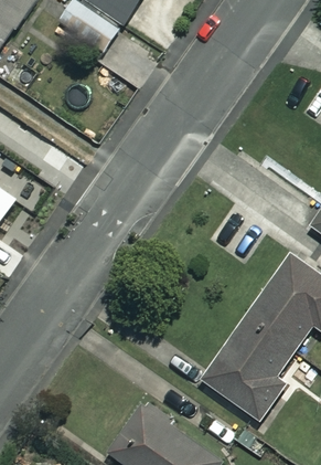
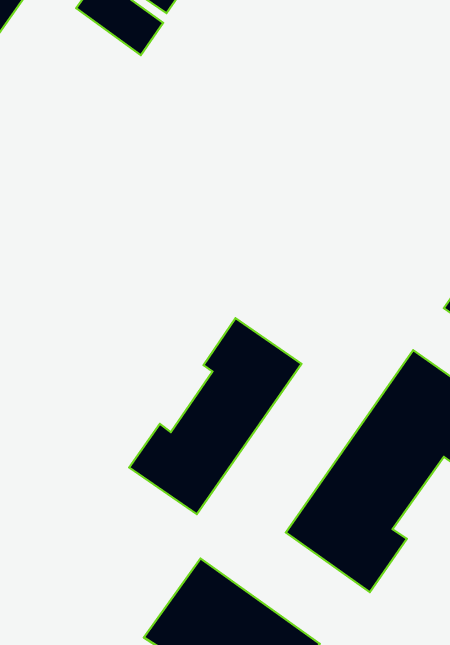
building: none -> [129,318,302,514]

